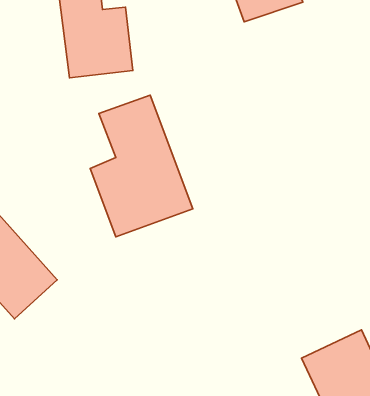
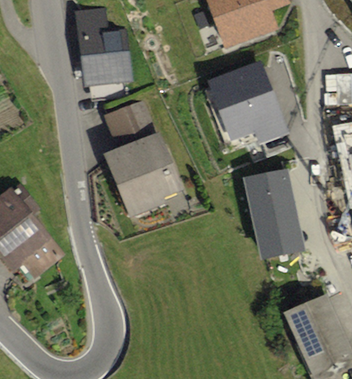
building: none -> [212,61,285,138]
building: none -> [247,169,301,253]

